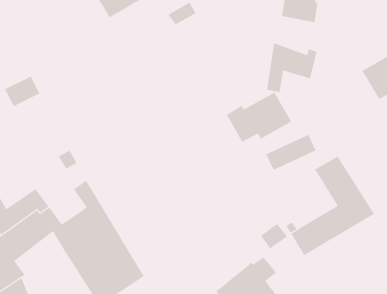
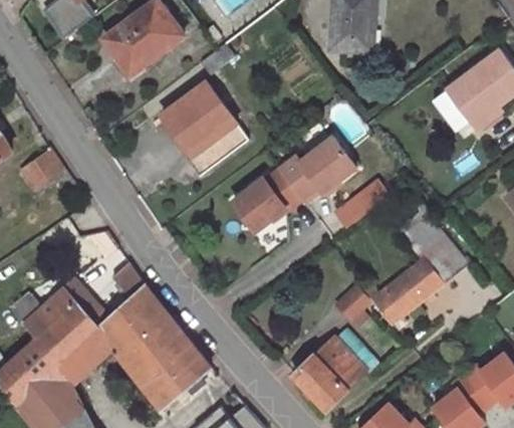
building: none -> [161,83,244,171]
building: [267,43,317,93] -> none
building: none -> [233,170,302,231]
building: none -> [56,330,110,383]

